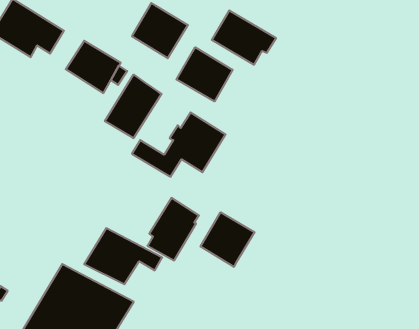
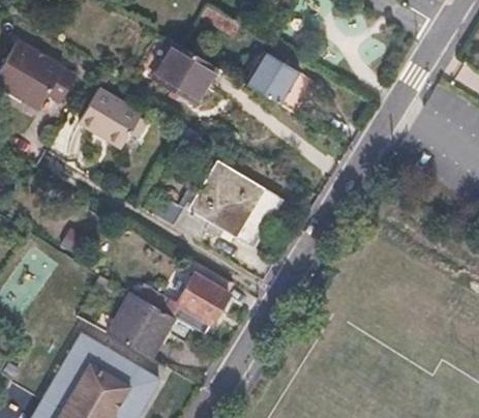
building: [176,47,233,101] -> none
building: [105,75,162,138] -> none
building: [201,212,255,267] -> none

